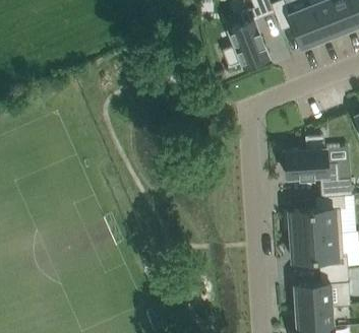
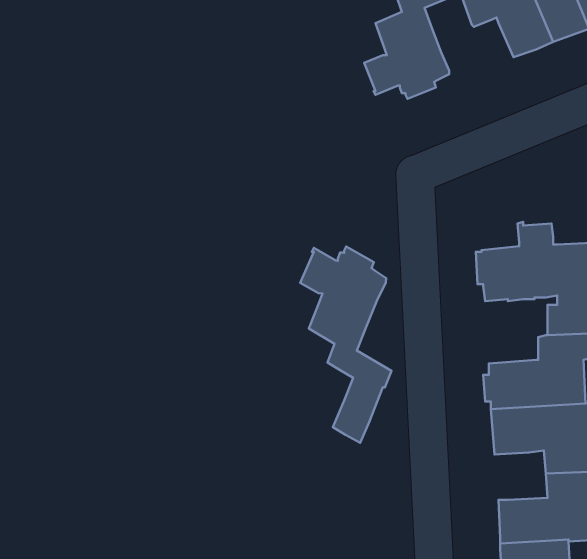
building: none -> [300,247,391,443]

